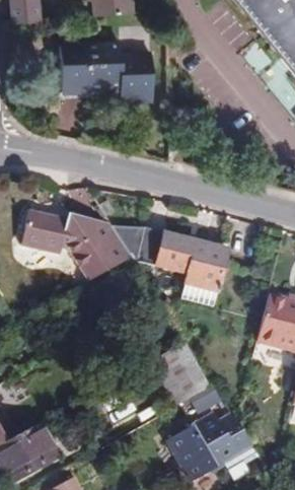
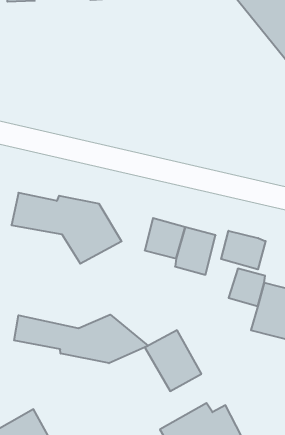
building: [61,42,152,101] -> none
building: [113,225,162,265] -> none
building: none -> [221,231,266,269]
building: none -> [14,315,148,363]

